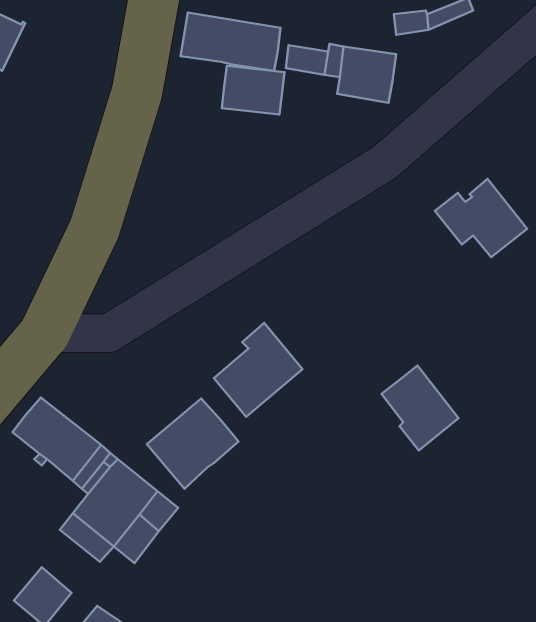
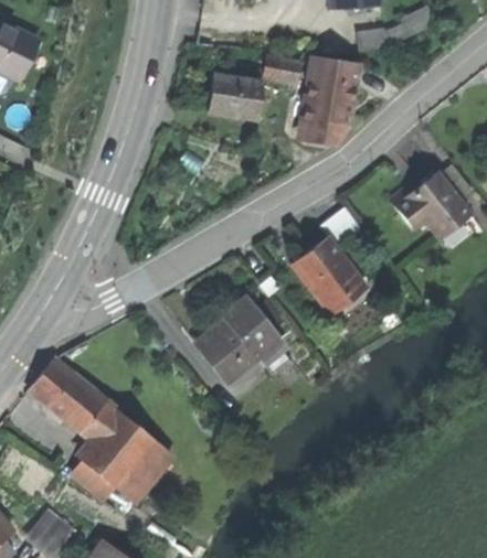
building: [181,12,280,71] -> none
building: none -> [301,99,352,146]
building: [381,366,459,450] -> [296,238,362,311]
building: [147,398,238,489] -> none

